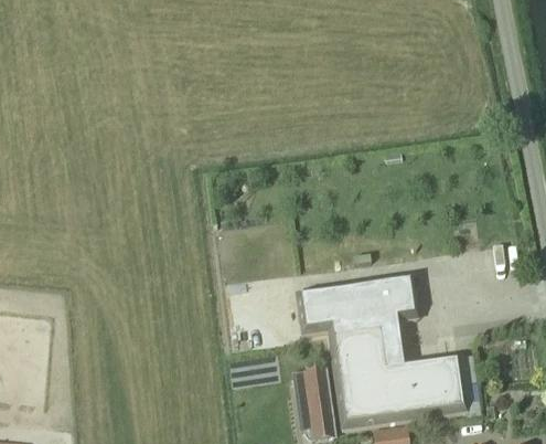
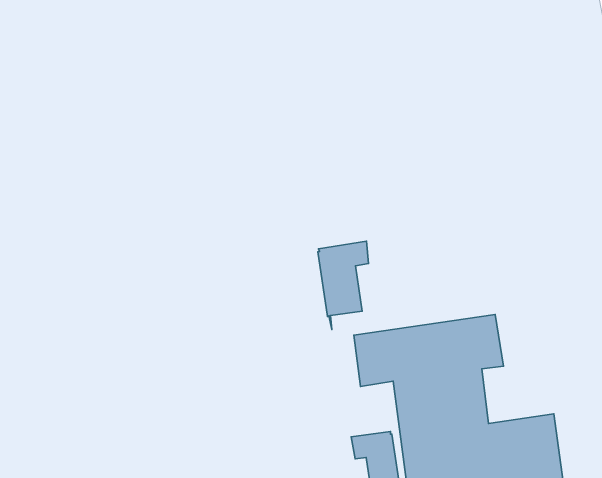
building: none -> [318,241,369,329]

